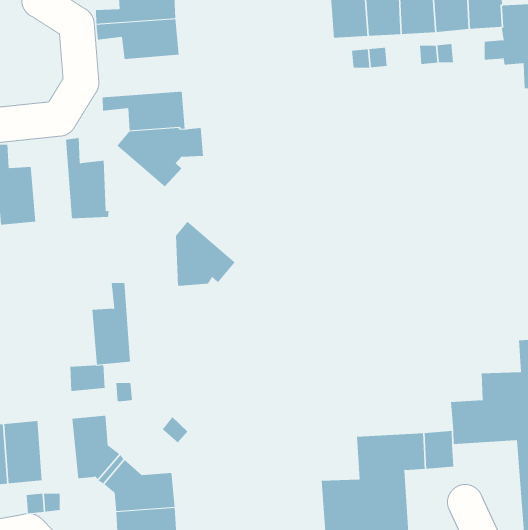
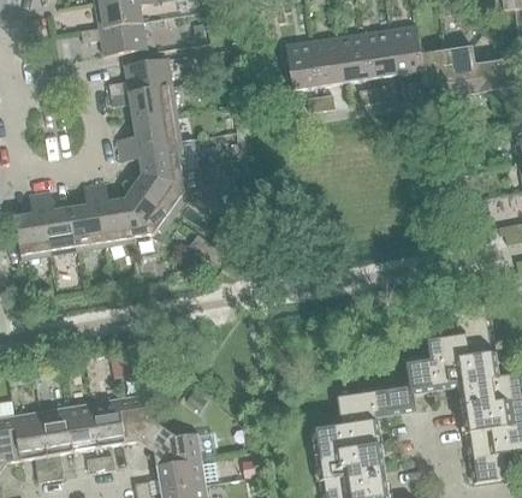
building: none -> [117,112,180,149]
building: [175,221,236,286] -> [125,185,173,236]
building: [91,283,131,365] -> [70,184,103,249]
building: none -> [91,397,125,446]

